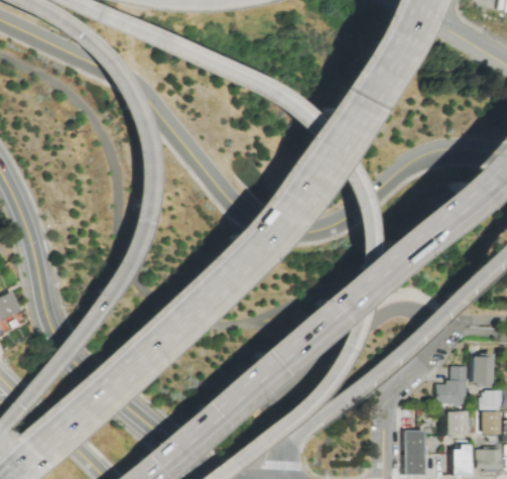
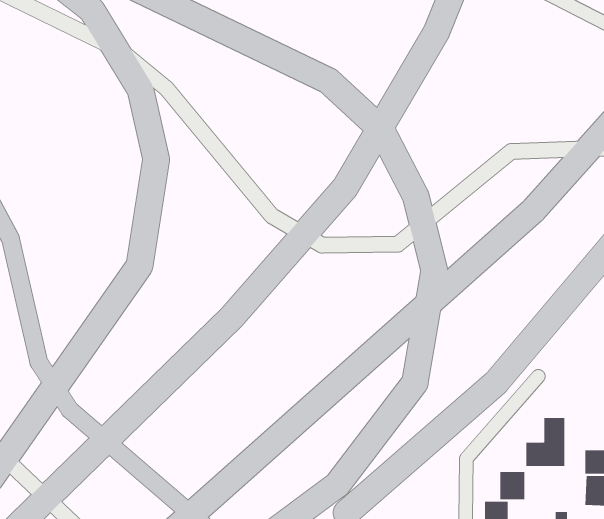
building: [472,354,492,386] -> none
building: [449,411,469,434] -> [499,472,525,500]

